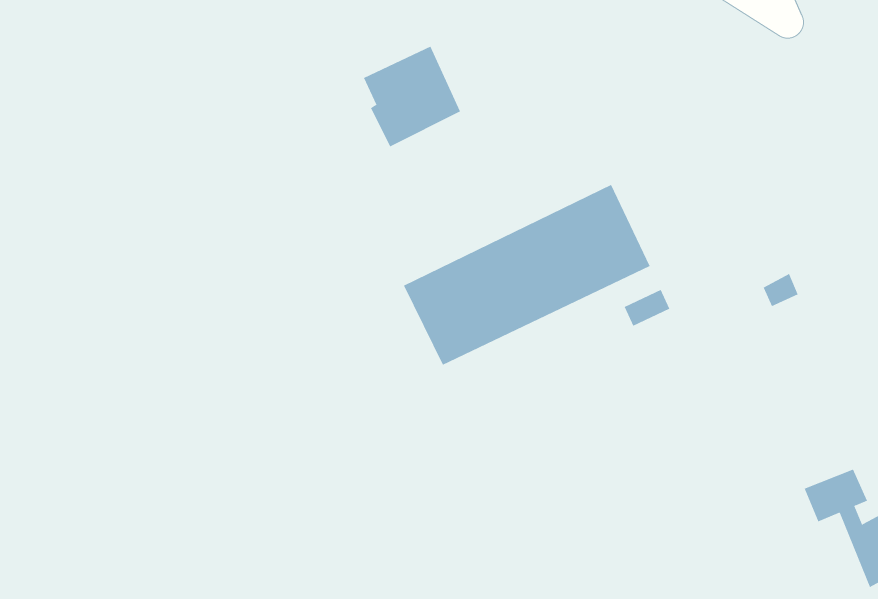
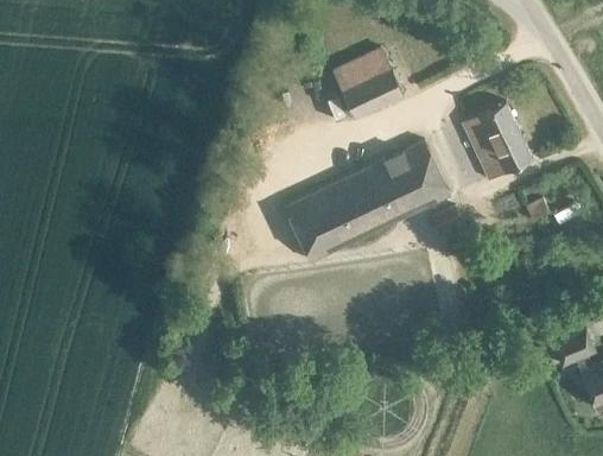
building: [363,46,461,147] -> [336,50,401,118]
building: none -> [459,101,531,178]

